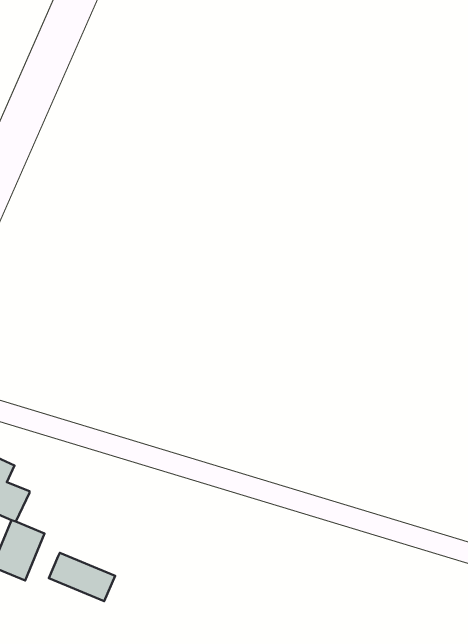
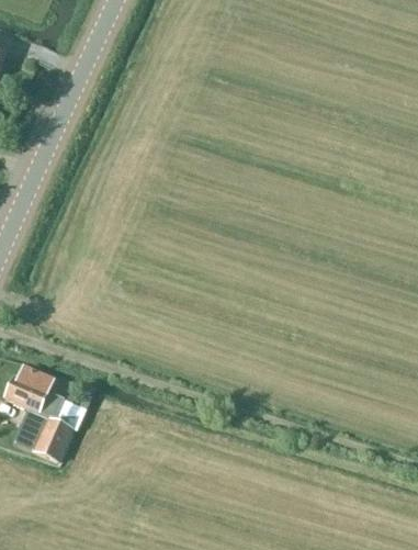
building: [49,553,115,601] -> none

